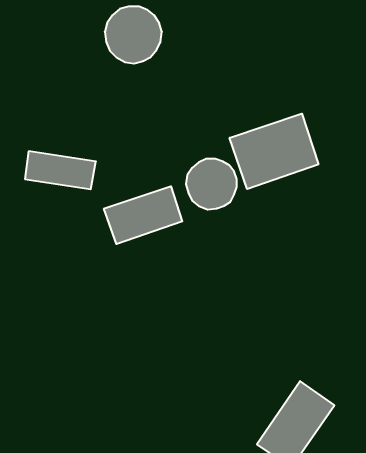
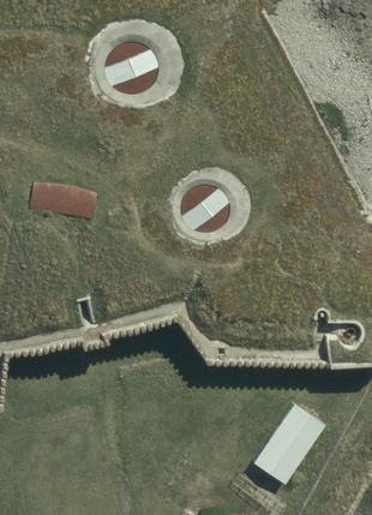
building: [230,114,318,189] -> none
building: [104,186,182,244] -> none

